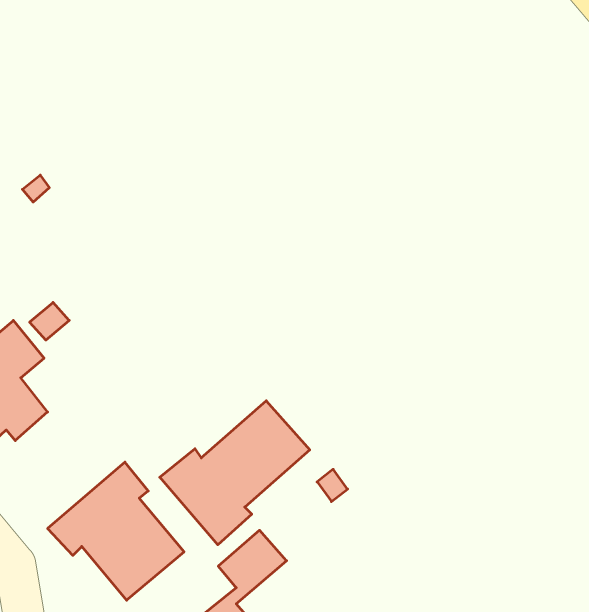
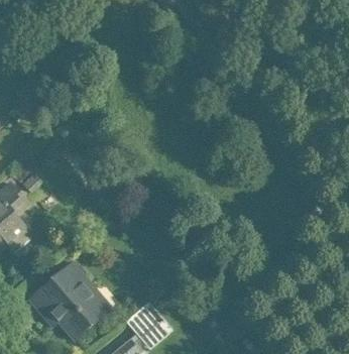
building: [160,401,310,545] -> none

